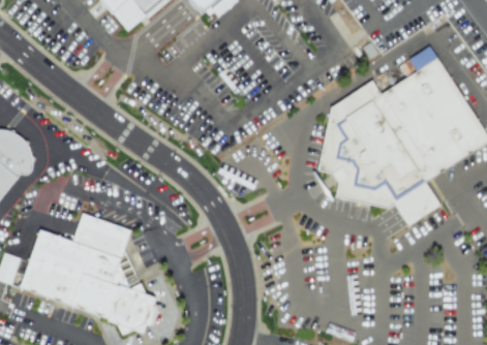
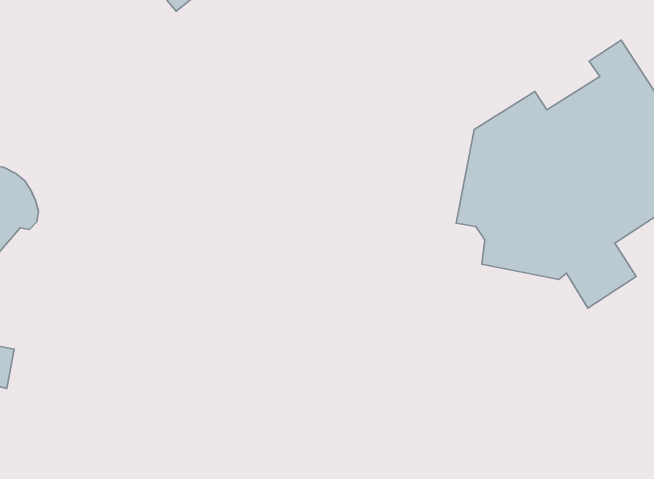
building: [21,213,157,335] -> none

